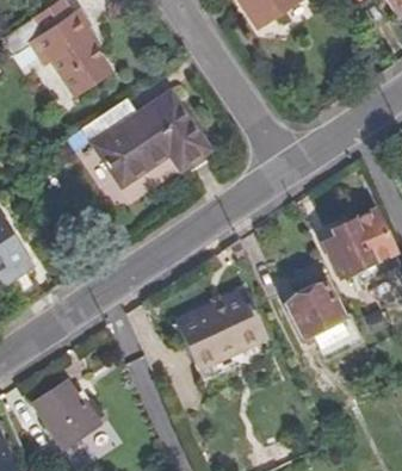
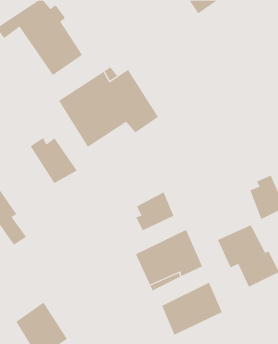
building: none -> [30,137,77,184]
building: none -> [136,192,174,231]
building: none -> [162,282,222,336]

